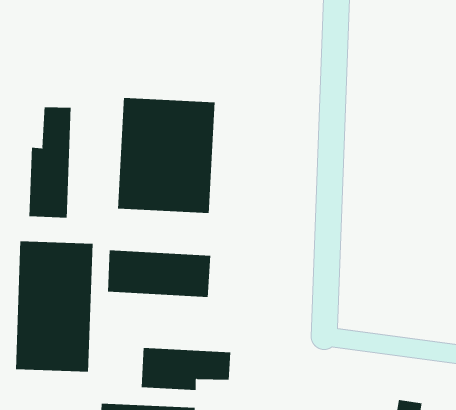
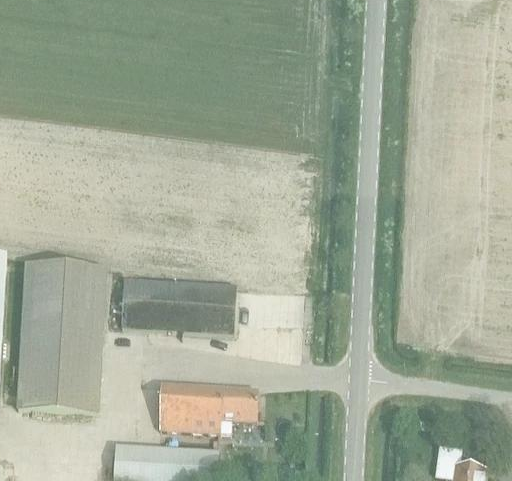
building: [118,97,215,214] -> none
building: [29,107,71,219] -> none

